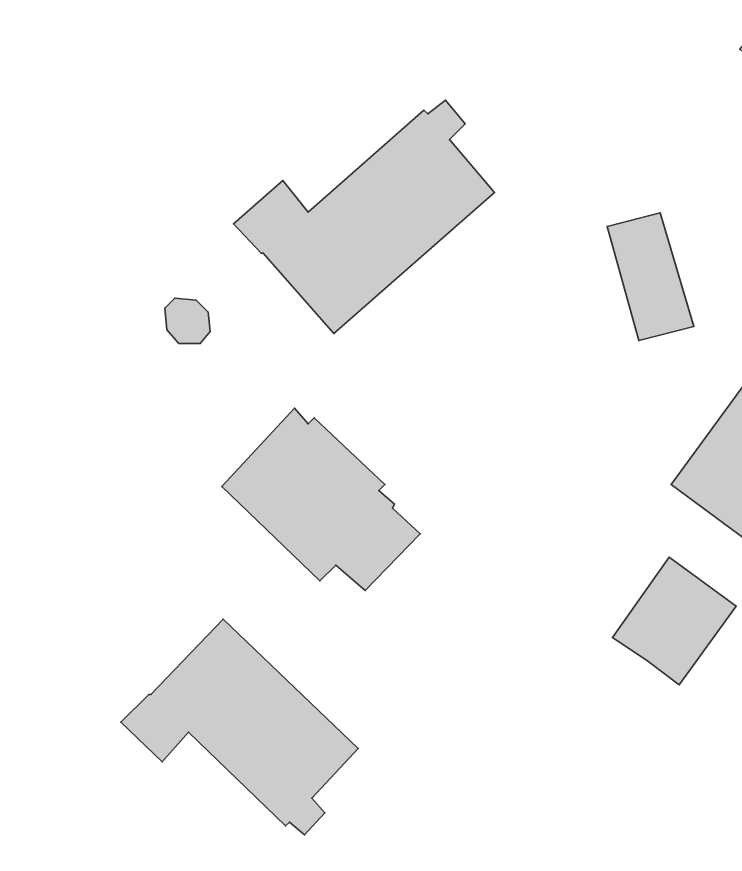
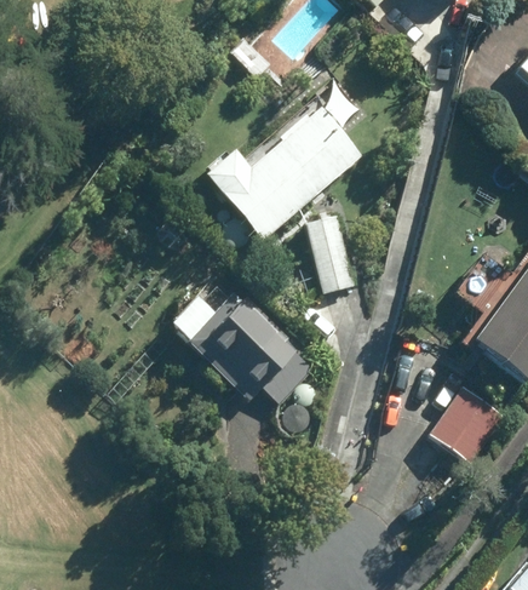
building: [607,213,694,340] -> [303,214,356,293]
building: [121,619,358,835] -> none

